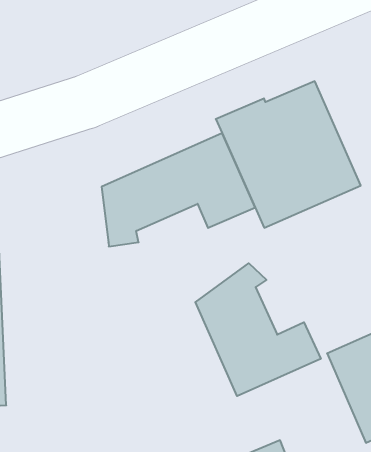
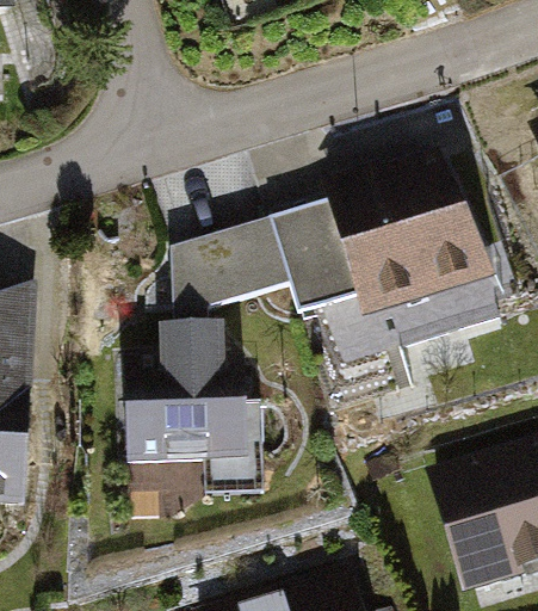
building: none -> [123,322,248,462]
building: [195,263,321,396] -> none

